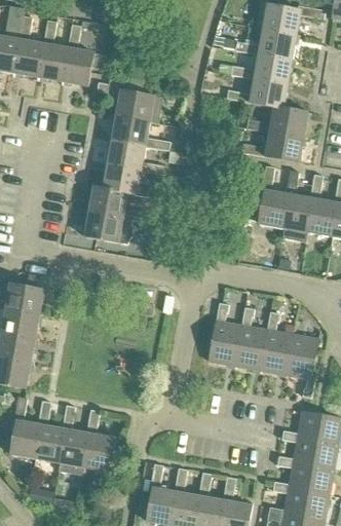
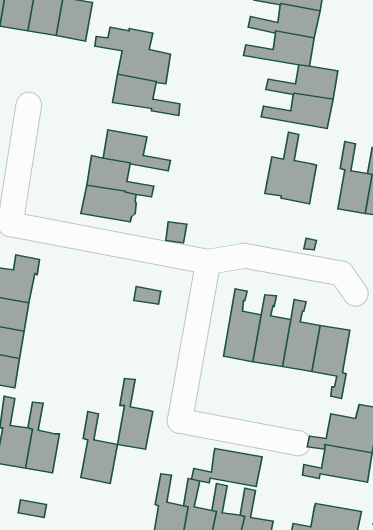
building: [107,140,165,175] -> none
building: [280,170,313,242] -> none
building: [59,405,89,466] -> [117,378,153,449]
building: [271,463,333,496] -> [191,449,262,486]

